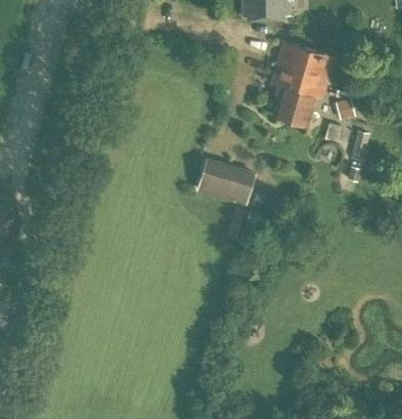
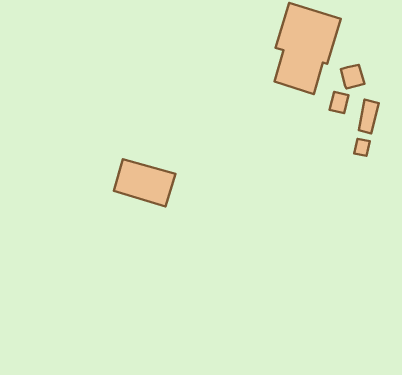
building: [198,162,255,205] -> [114,159,176,207]

